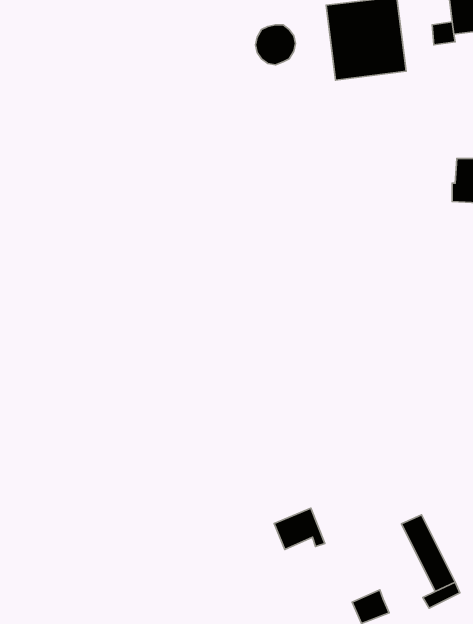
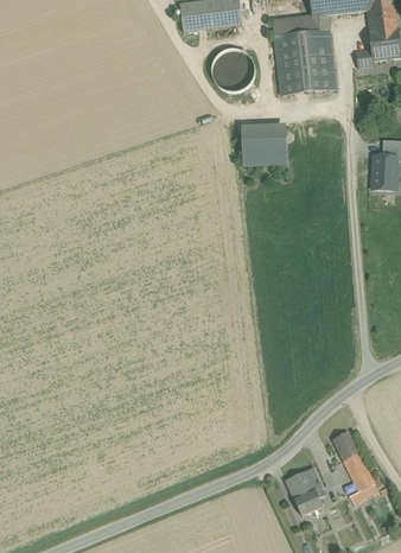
building: none -> [243,131,285,166]
building: [274,508,325,549] -> [286,465,325,497]

